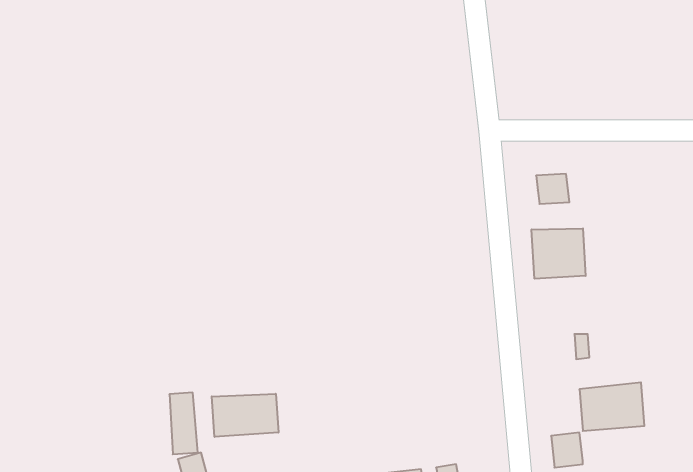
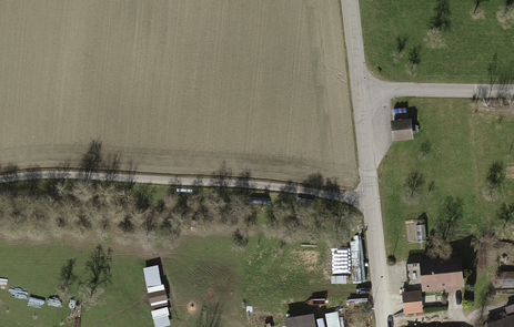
building: [532,228,586,279] -> none
building: [212,394,278,437] -> none

